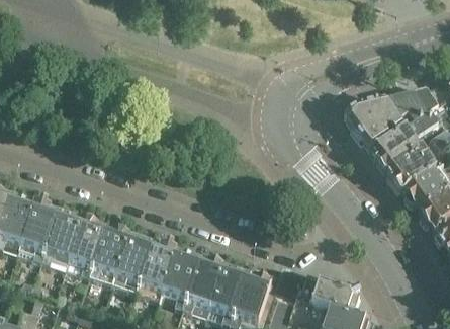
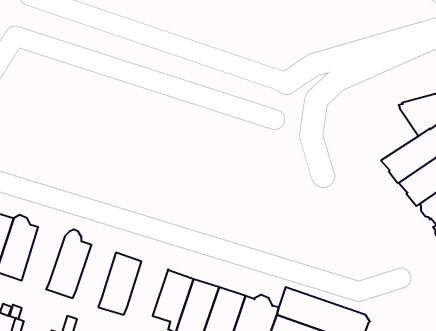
building: [345,102,403,153] -> none
building: [37,214,81,275] -> none
building: [88,227,127,286] -> none
building: [134,245,175,302] -> none

